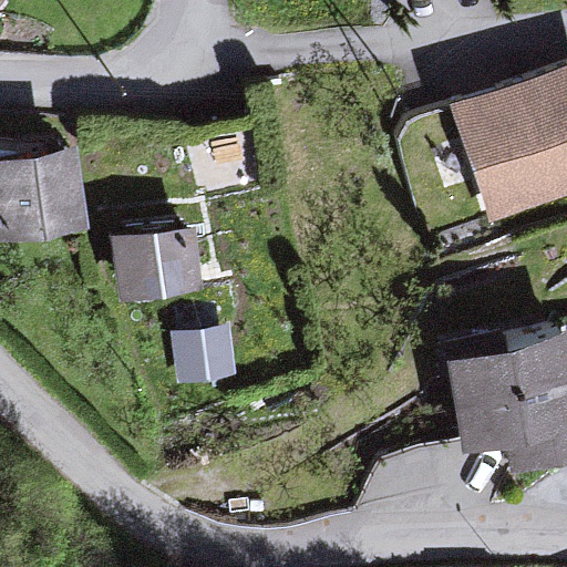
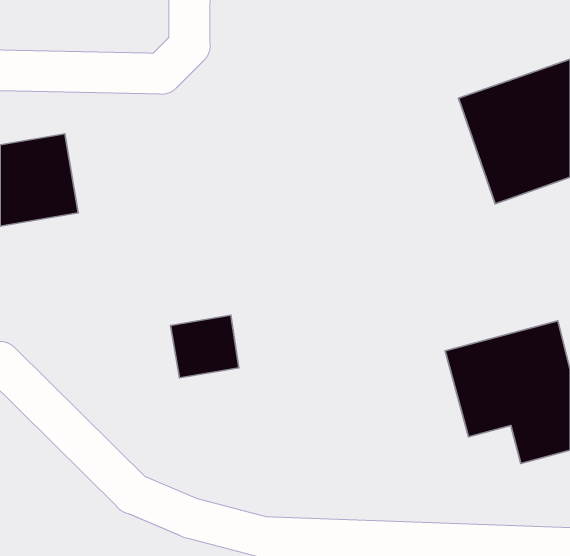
building: [114,230,194,298] -> none

